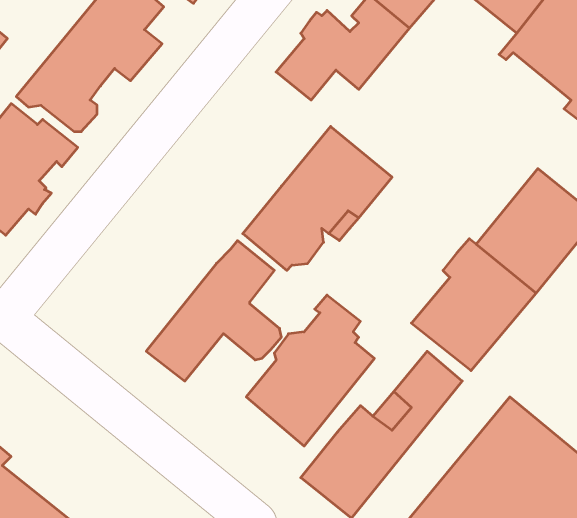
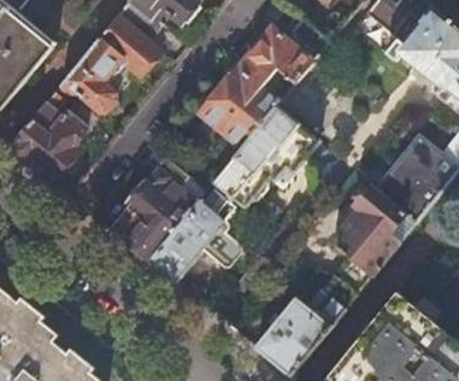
building: none -> [199,70,277,148]
building: [246,295,374,446] -> [107,158,195,262]

